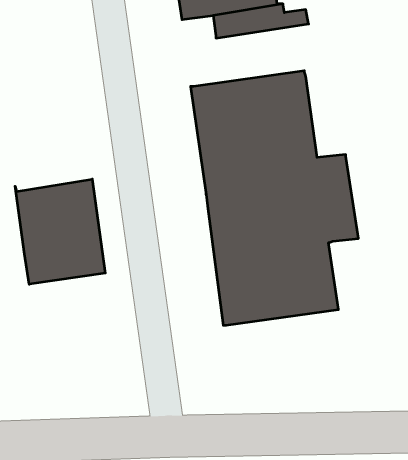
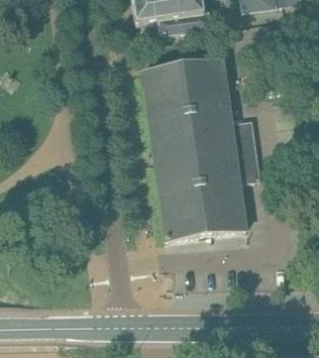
building: [15,179,105,284] -> none

